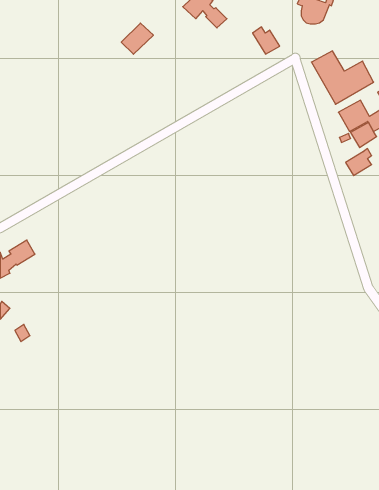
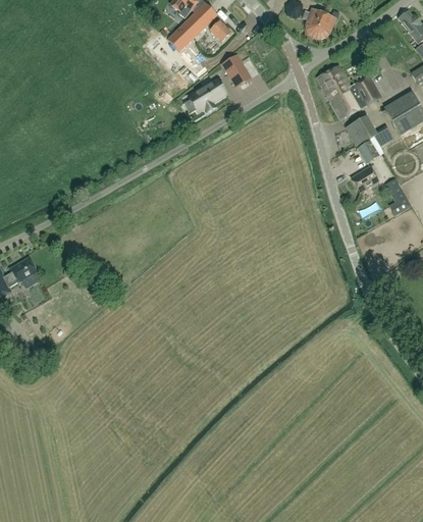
building: [121,23,153,54] -> [167,20,200,52]
building: [253,27,280,54] -> [223,58,251,86]
building: none -> [189,79,226,111]

